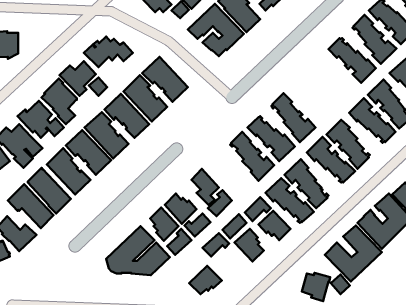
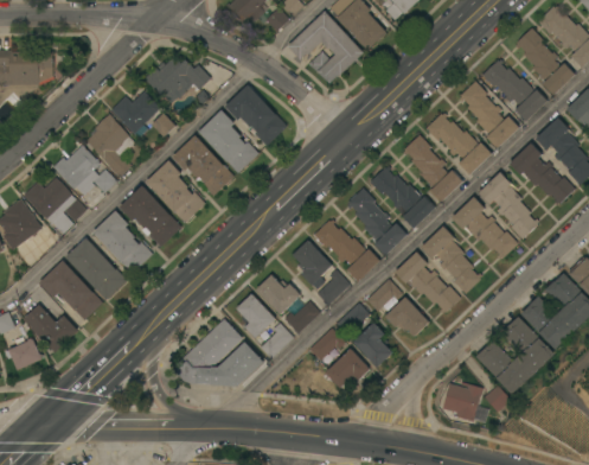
building: none -> [459,81,519,148]
building: none -> [425,113,491,174]
building: none -> [313,219,379,282]
building: [189,266,222,294] -> [325,349,370,388]

